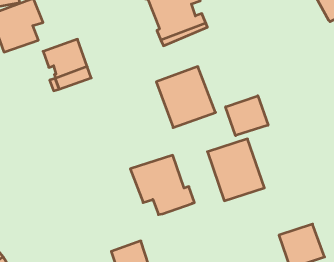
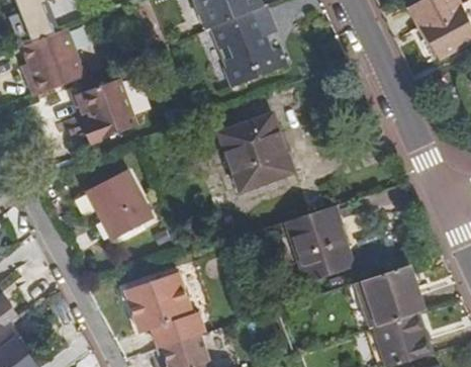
building: [226,96,268,136] -> none
building: none -> [86,169,153,240]
building: [130,155,194,215] -> [122,272,203,347]
building: none -> [355,264,425,328]

